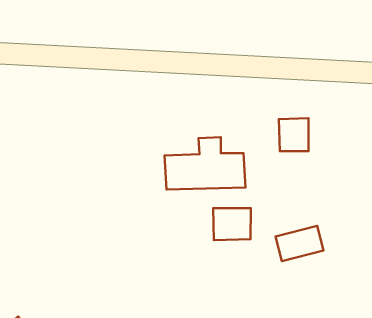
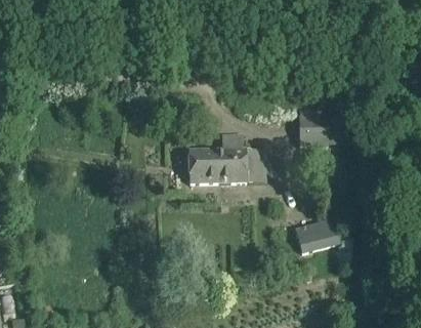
building: [213,208,251,240] -> none

